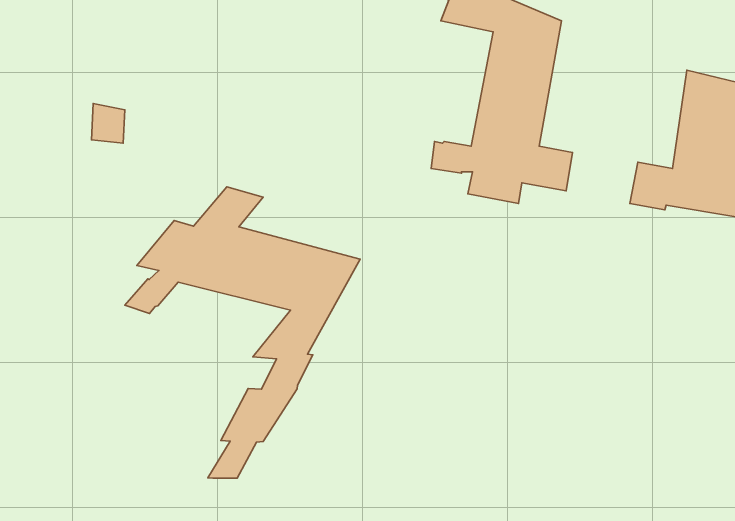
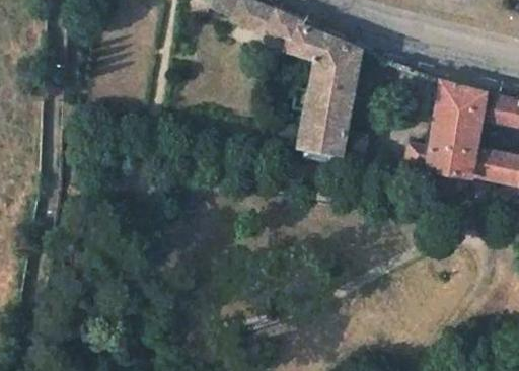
building: [125,187,360,478] -> none

